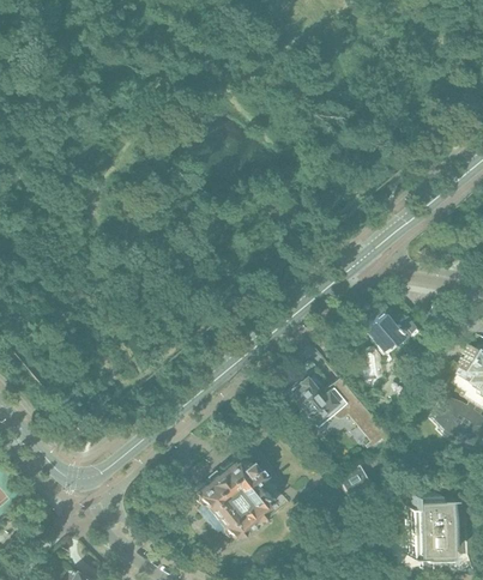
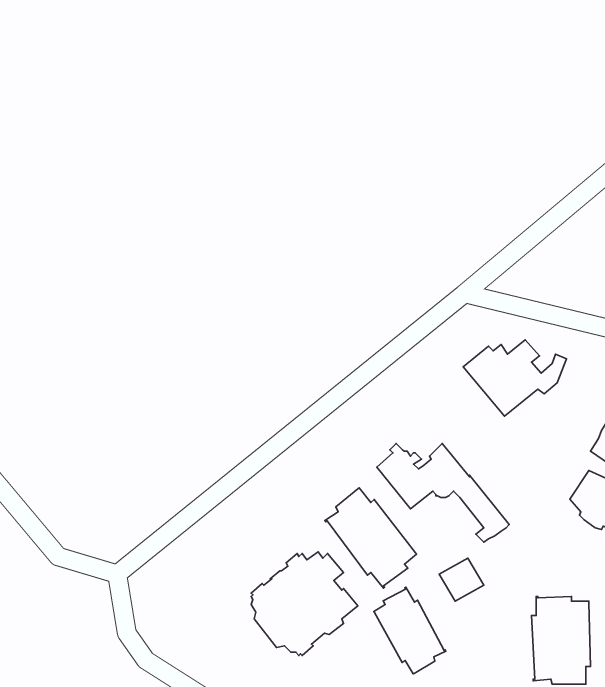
building: none -> [325,488,417,588]
building: none -> [374,587,446,674]

